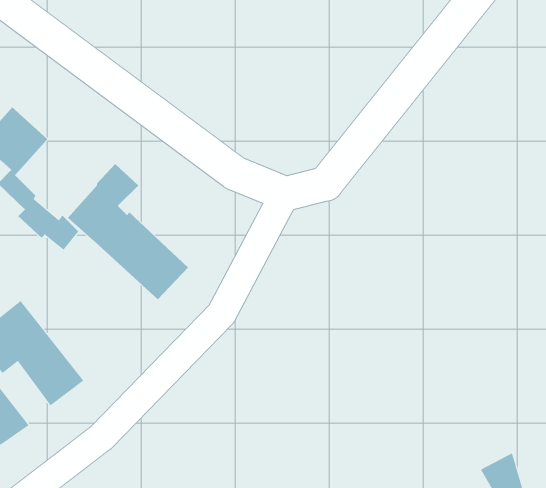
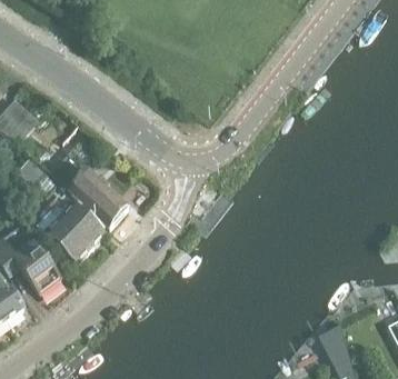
building: none -> [37,202,105,261]

